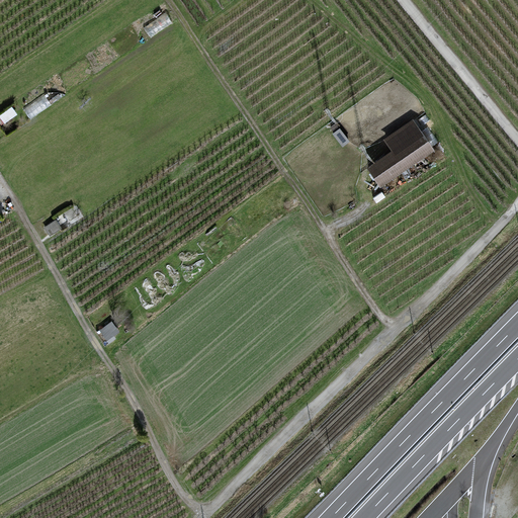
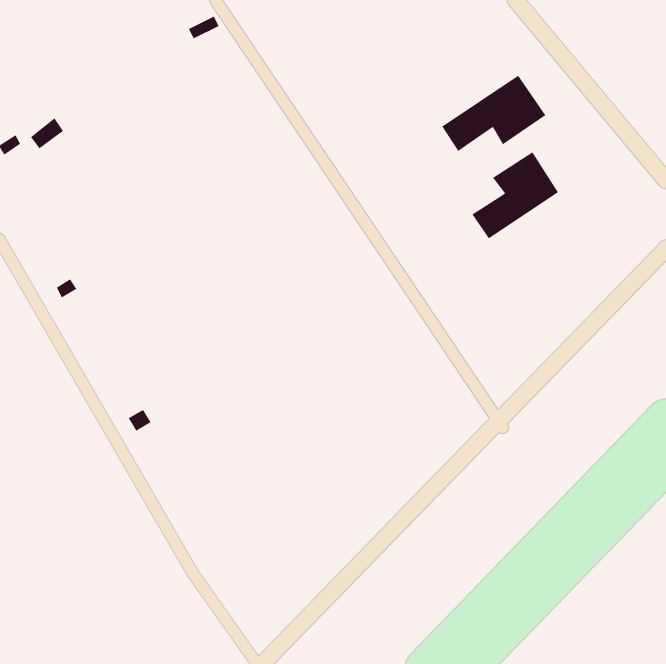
building: none -> [441,75,546,152]

